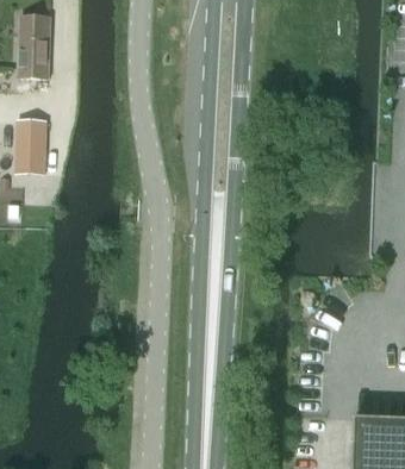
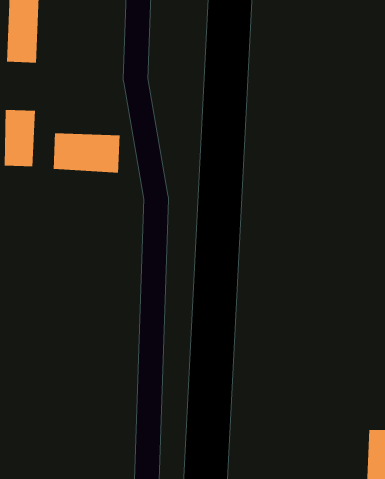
building: none -> [53,132,120,174]

